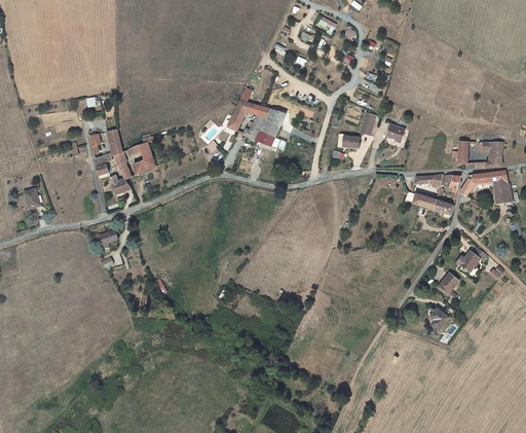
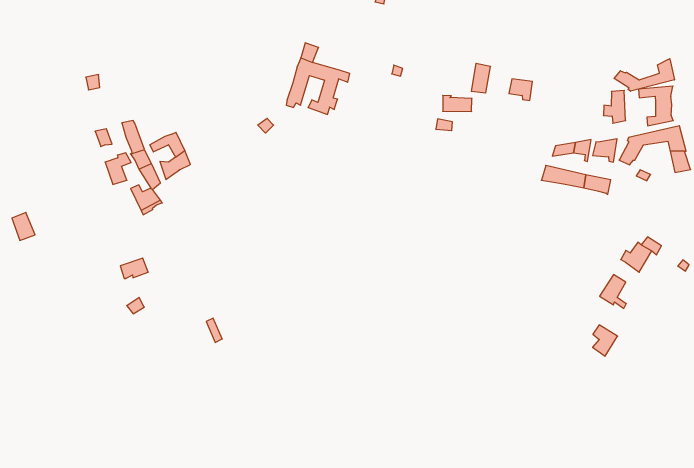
building: [256,112,284,146] -> none
building: none -> [614,59,674,91]

